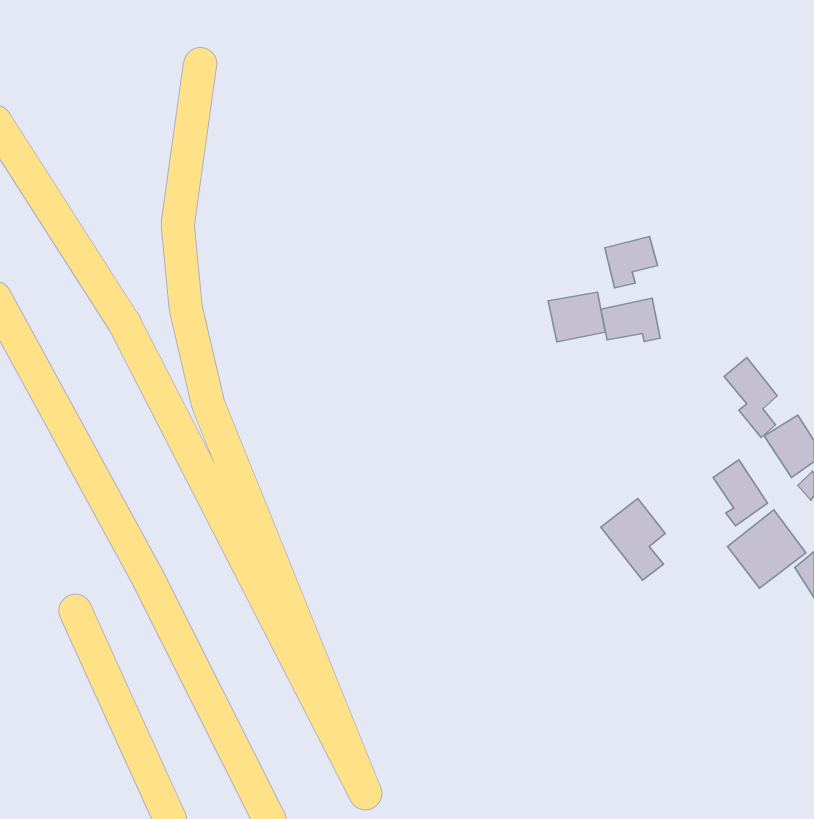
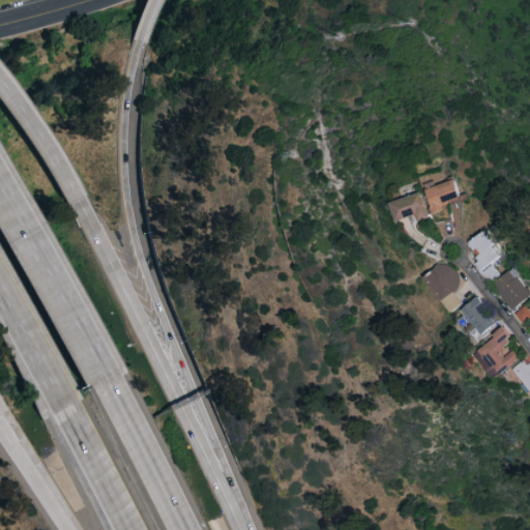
building: [605,237,658,288] -> [424,180,459,213]
building: [548,292,605,342] -> none
building: [601,498,665,580] -> [422,260,464,313]

